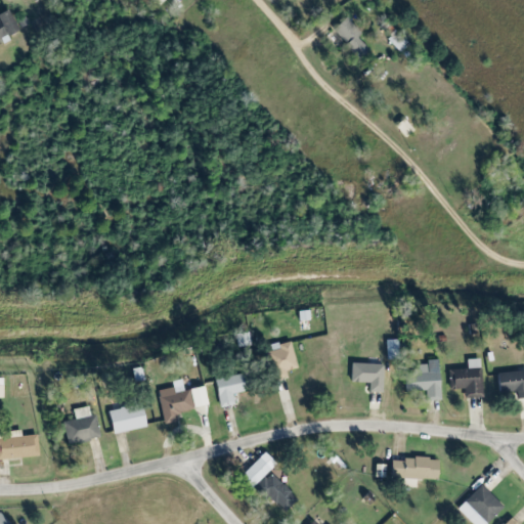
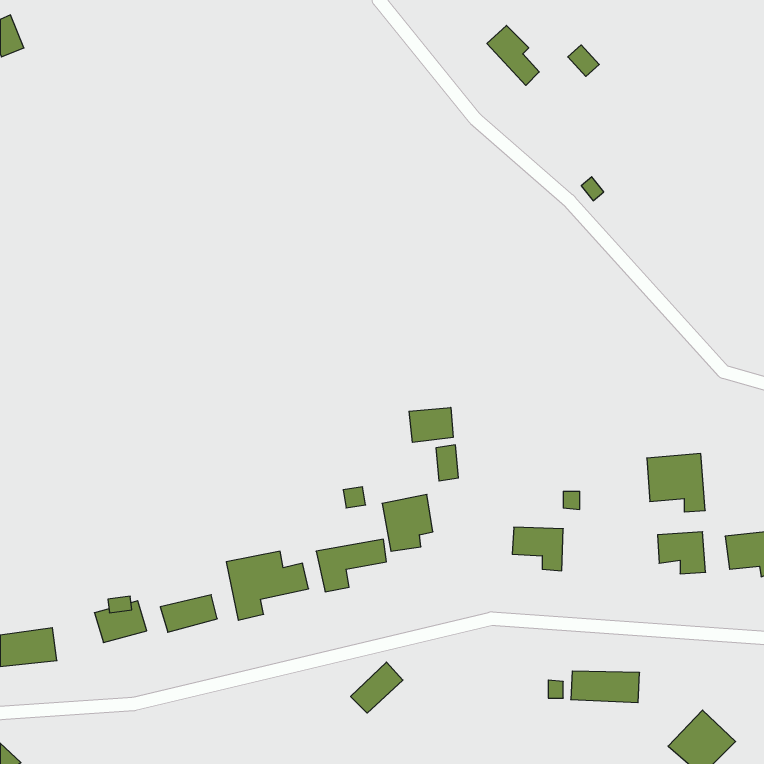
building: none -> [409,407,453,442]
building: [403,359,443,399] -> [647,454,705,512]
building: [259,475,298,514] -> none

